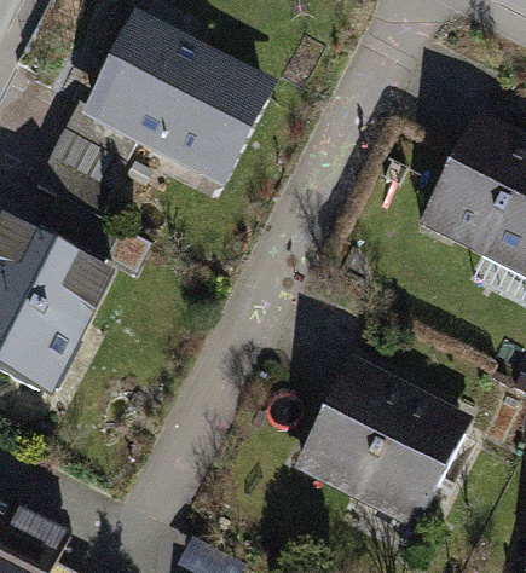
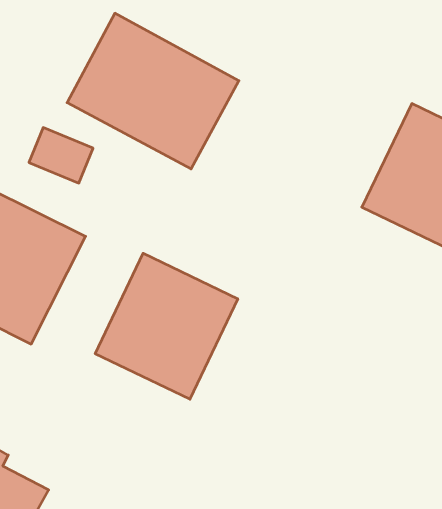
building: none -> [95,253,238,399]
building: [291,352,466,522] -> none

